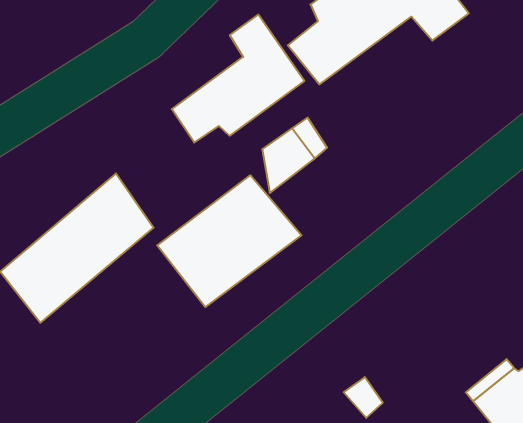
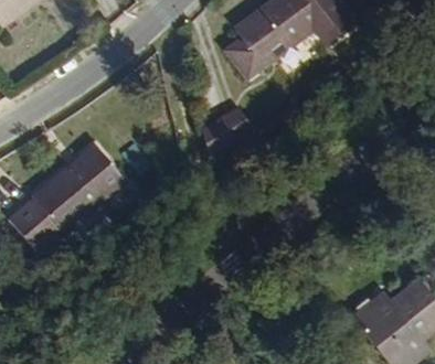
building: [172,15,304,143] -> none
building: [157,175,302,307] -> none

